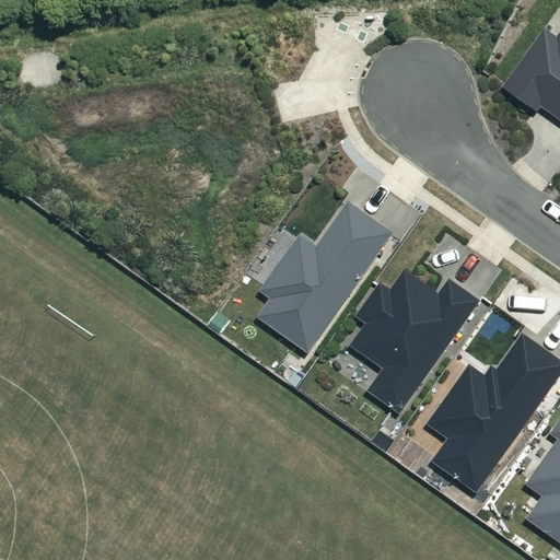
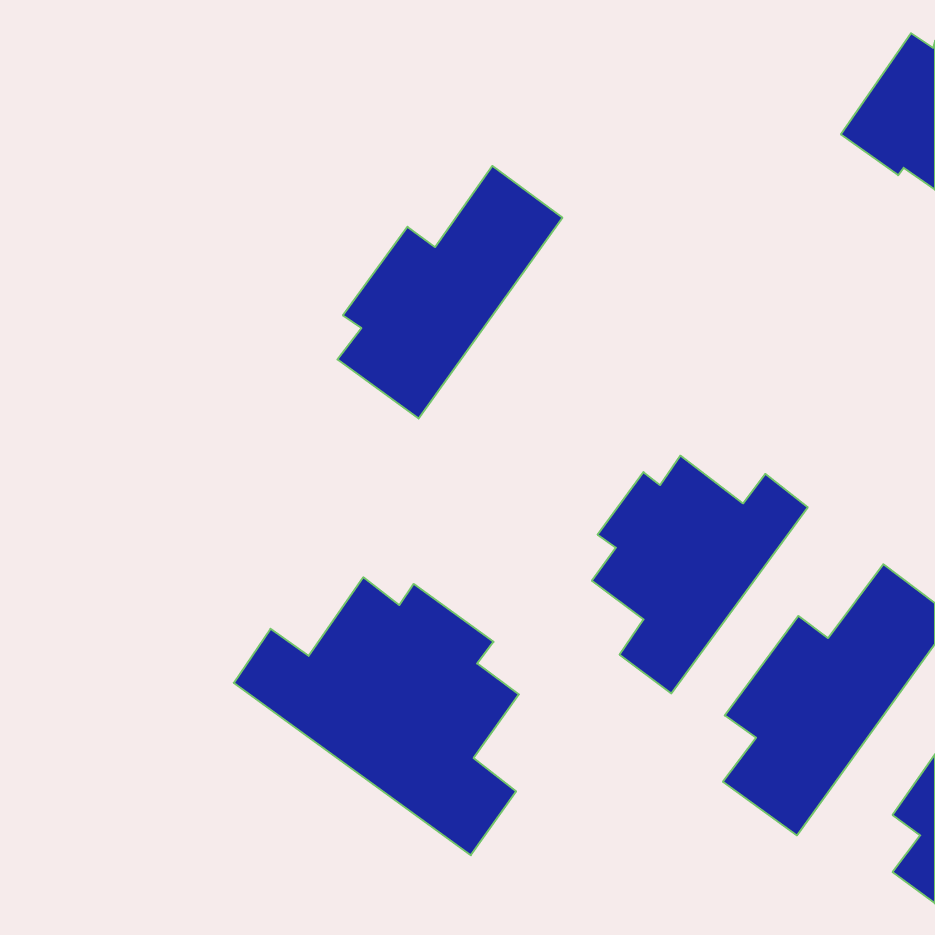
building: [259,201,393,351] -> [337,166,562,419]
building: none -> [234,577,519,855]

